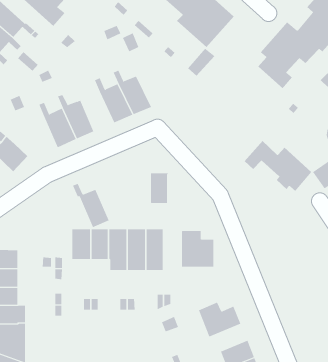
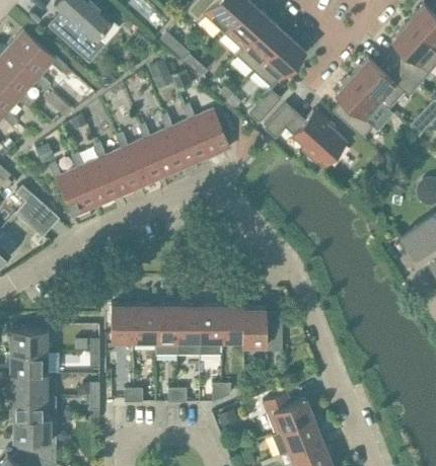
building: none -> [183,105,231,160]
building: none -> [116,135,161,189]
building: [244,140,312,192] -> [266,103,348,165]
building: [150,173,169,203] -> [221,306,243,342]
building: [72,183,109,228] -> [49,164,93,218]
building: none -> [272,419,322,456]

